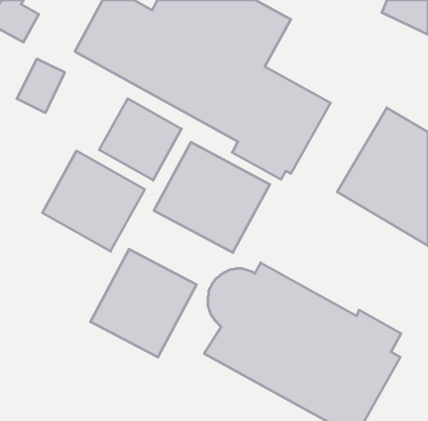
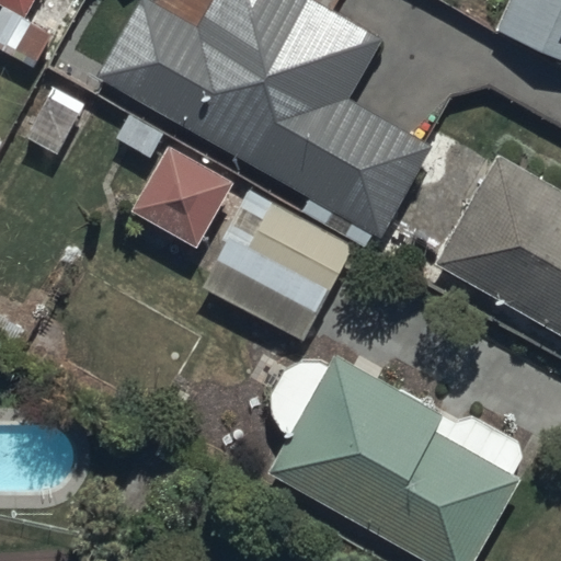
building: [42,151,145,251] -> none
building: [90,249,196,357] -> none

